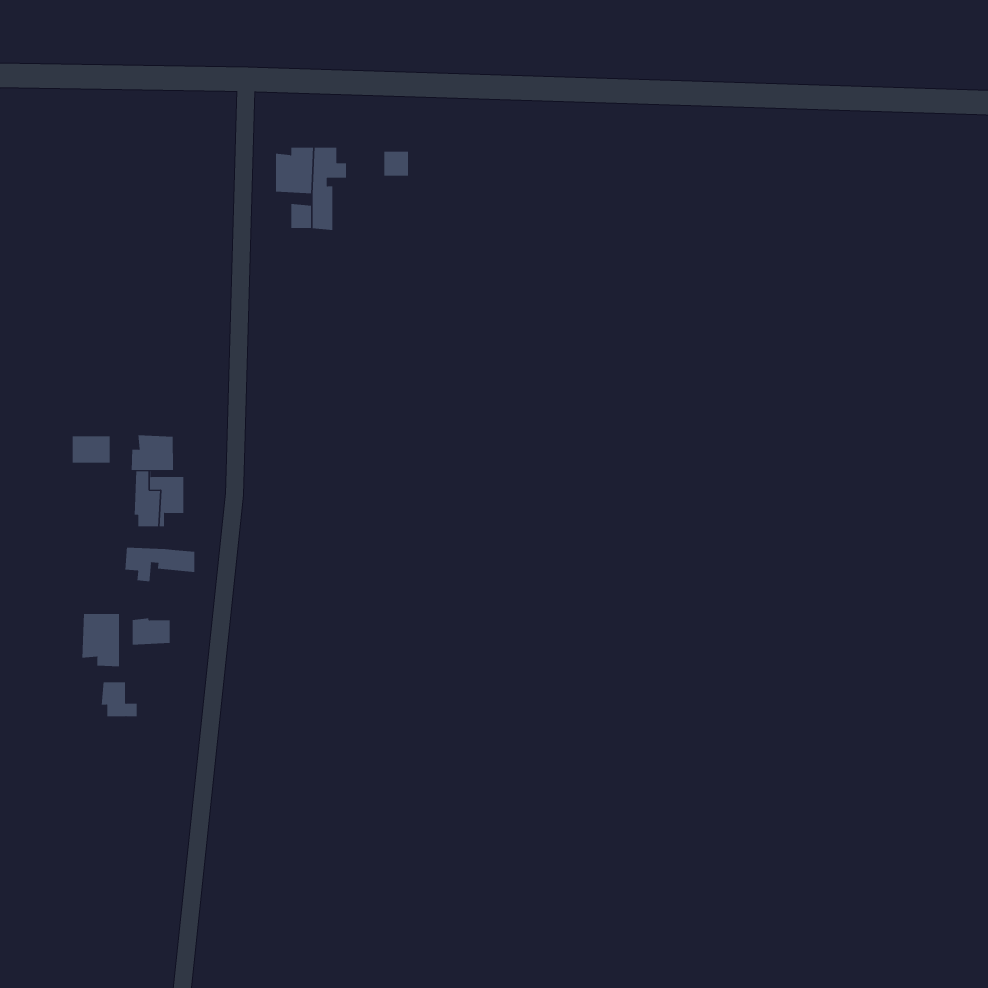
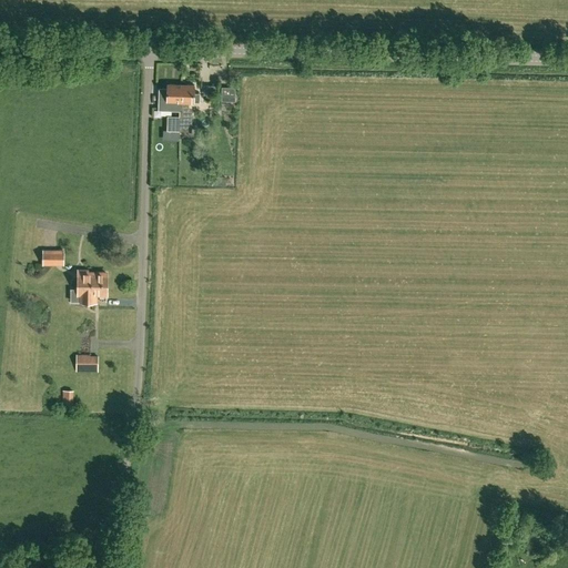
building: [131,435,174,471] -> none
building: [125,547,195,582] -> none
building: [82,613,119,667] -> none

